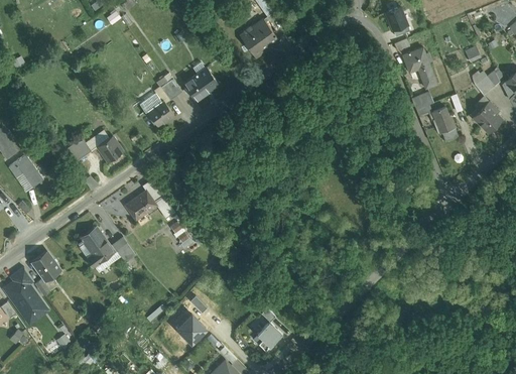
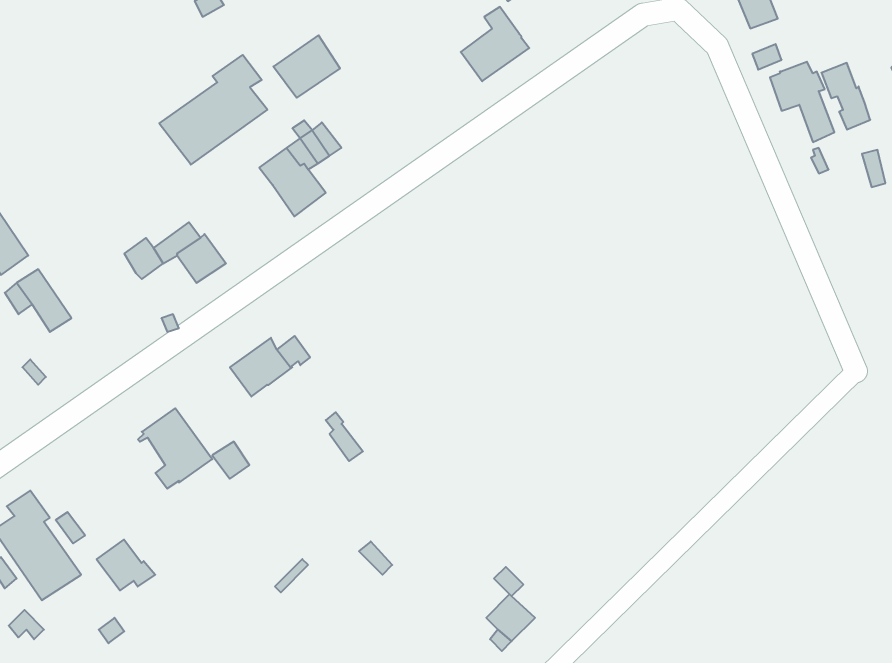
building: none -> [159,55,267,165]
building: [182,68,217,100] -> [273,35,340,98]
building: [431,107,457,141] -> [821,63,870,130]
building: [30,252,60,278] -> [97,540,155,590]
building: [173,314,206,345] -> none

